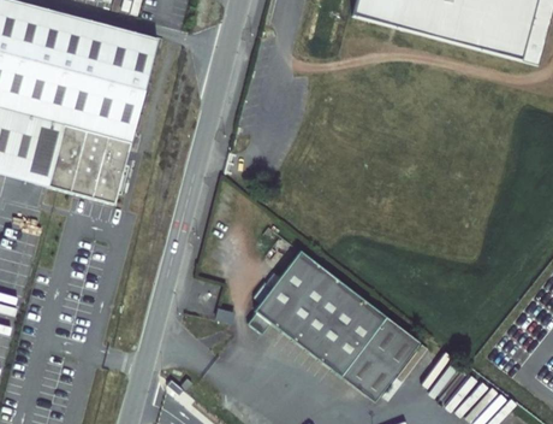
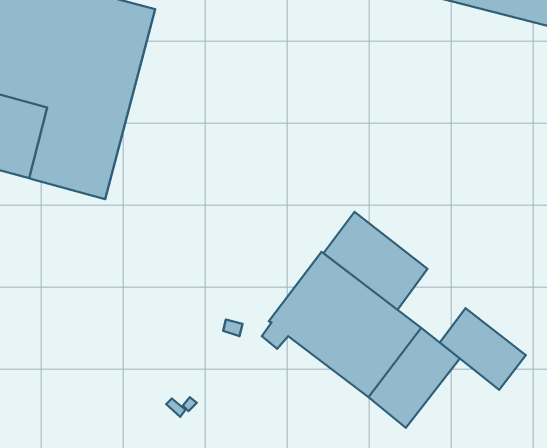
building: none -> [323,212,427,310]
building: none -> [440,308,526,390]

